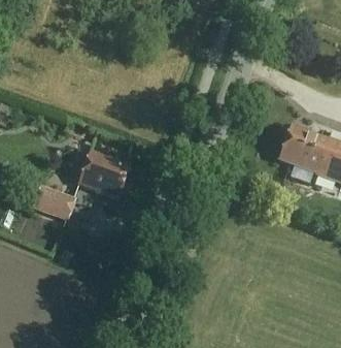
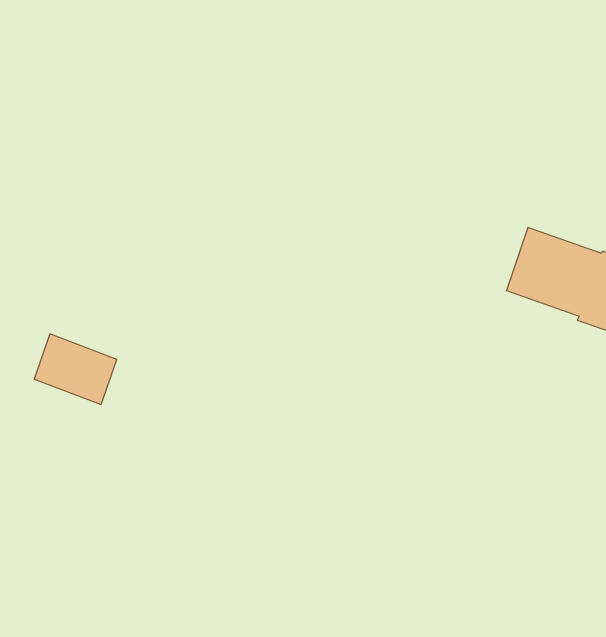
building: [78,151,130,198] -> none

